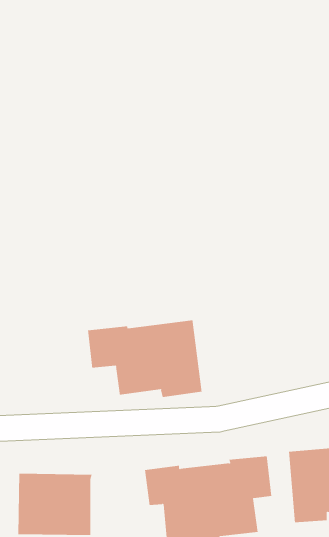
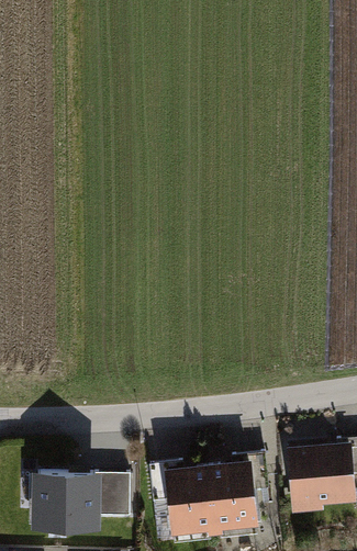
building: [87,320,202,398] -> none
building: none -> [99,474,132,518]

